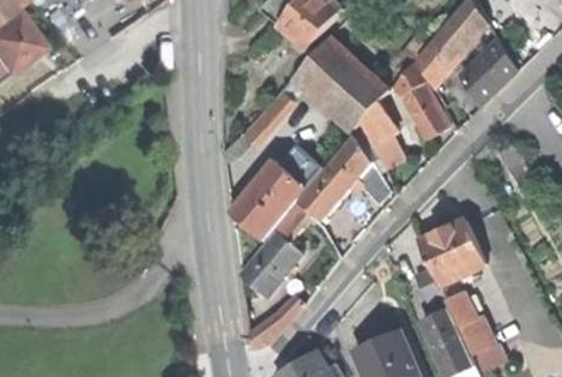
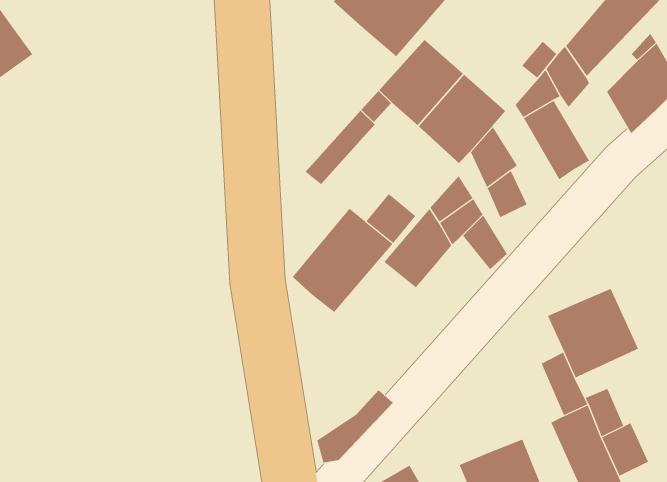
building: [242,205,312,295] -> none

